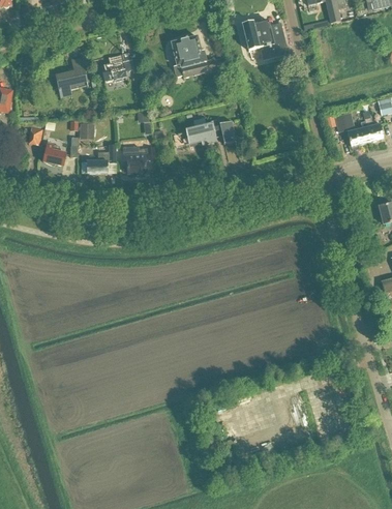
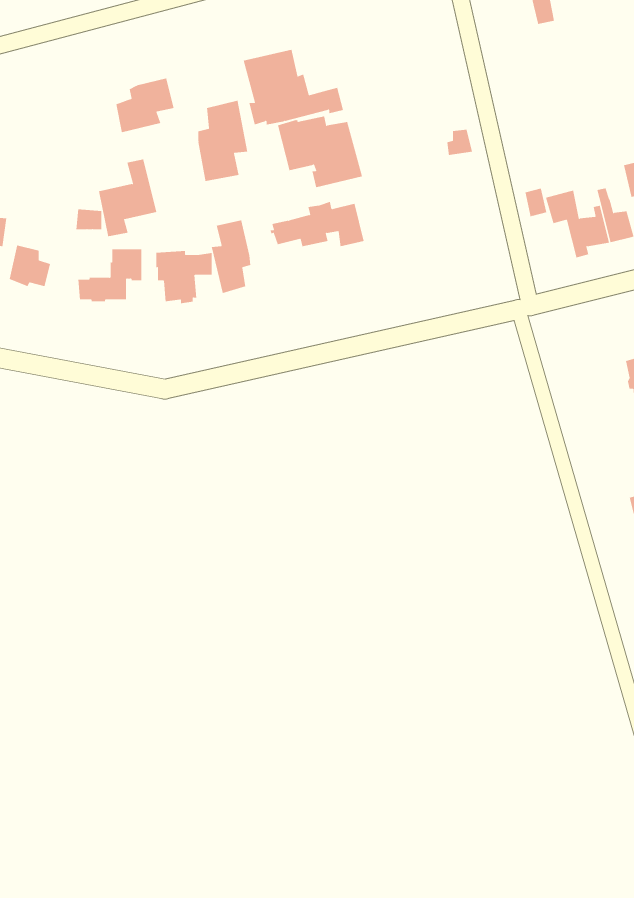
building: [242,20,289,59] -> [277,116,363,188]
building: [56,57,88,99] -> [98,159,157,237]
building: none -> [198,100,248,182]
building: none -> [211,219,251,294]

